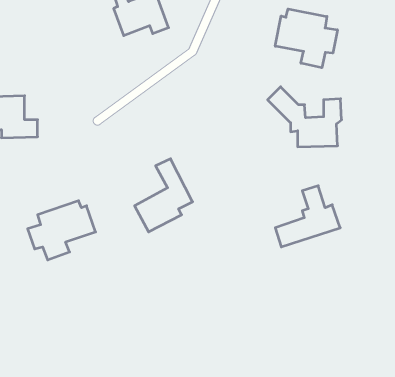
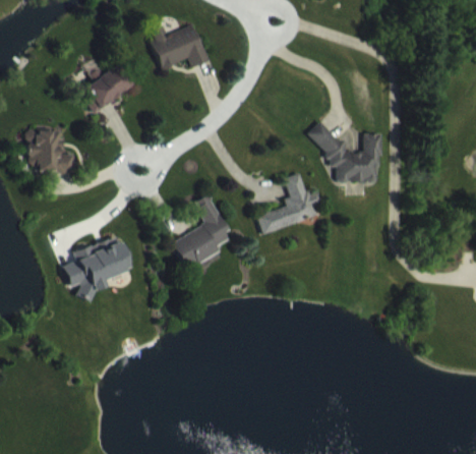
building: [275,9,337,68] -> none
building: none -> [80,65,131,111]
building: [275,186,340,247] -> [257,173,323,235]

